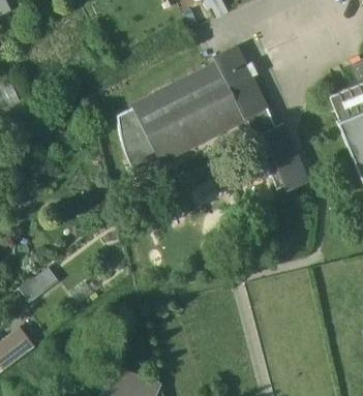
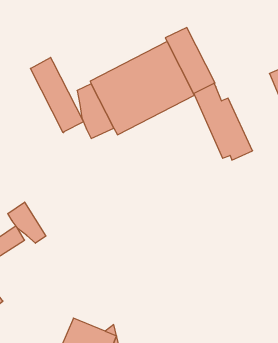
building: none -> [30,57,83,133]
building: none -> [8,202,46,243]

